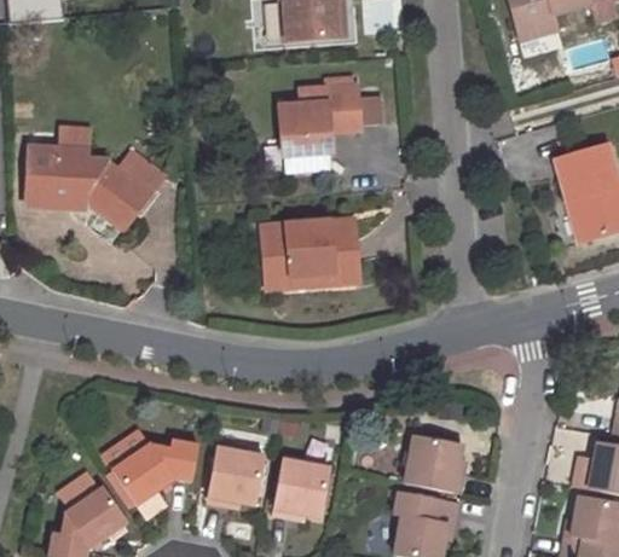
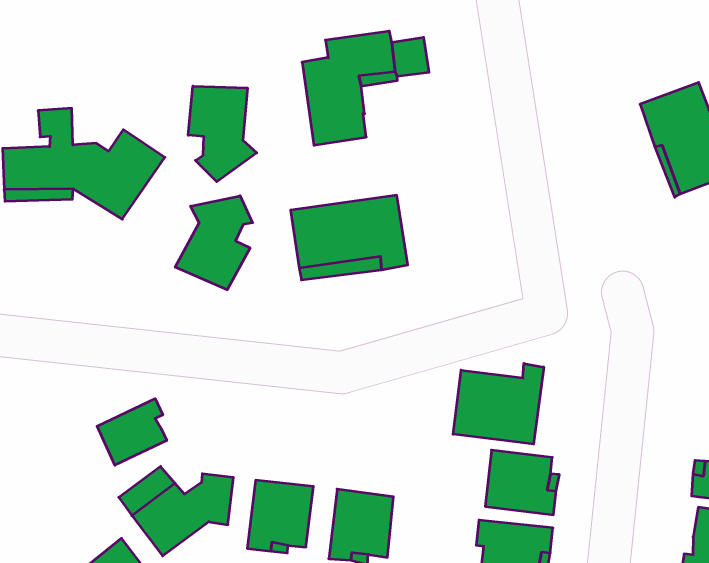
building: none -> [188,86,257,182]
building: none -> [175,196,253,290]
building: none -> [453,363,544,444]
building: none -> [97,399,167,465]

